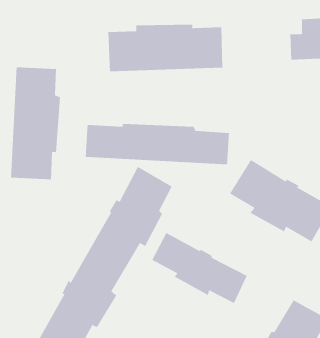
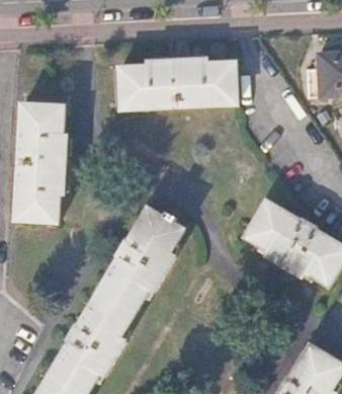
building: [85,123,229,165] -> none
building: [151,232,248,304] -> none

